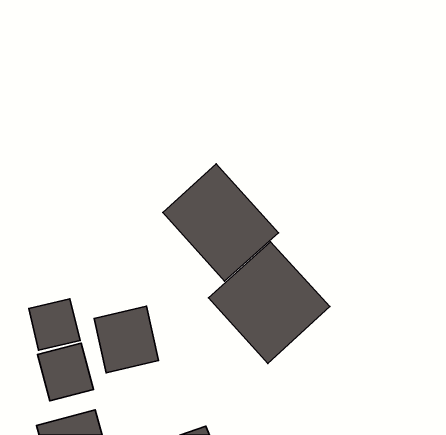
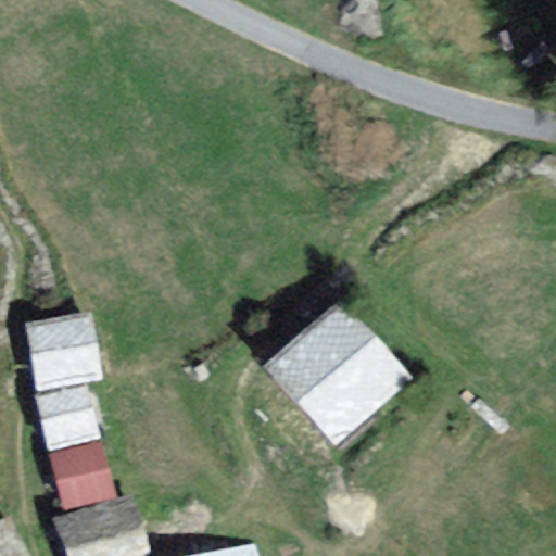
building: [163,164,279,281] -> none
building: [94,306,159,373] -> [23,295,103,378]

